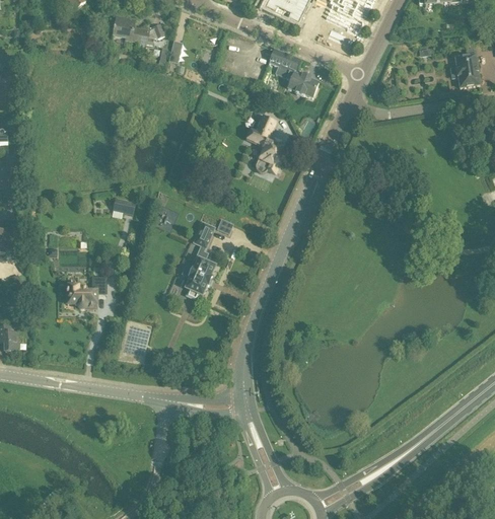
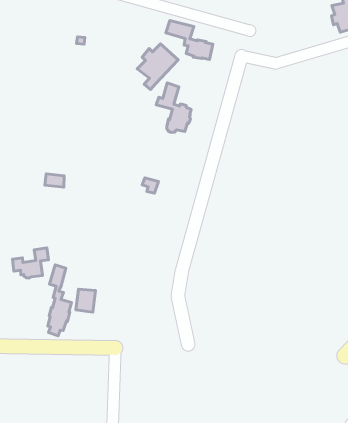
building: [112,15,163,43] -> none
building: none -> [137,44,178,90]
building: [185,221,214,299] -> [48,265,71,336]

